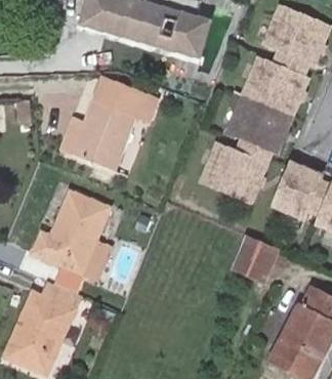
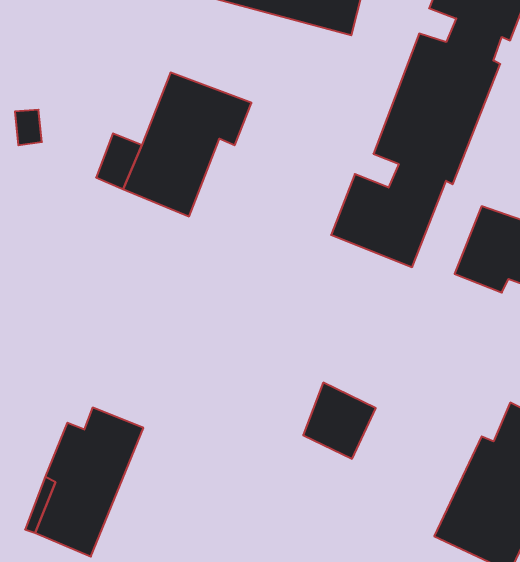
building: [24,190,108,286] -> none
building: [234,231,278,278] -> [303,383,376,459]

